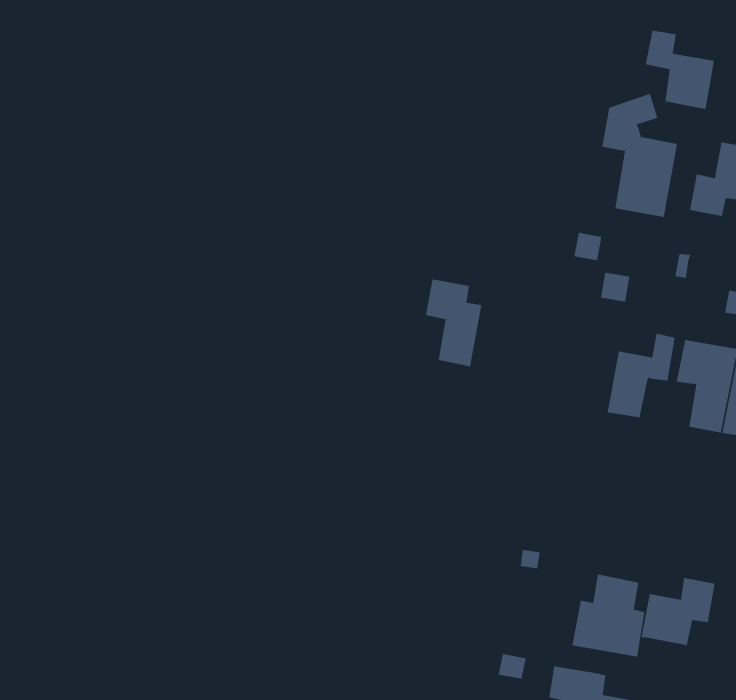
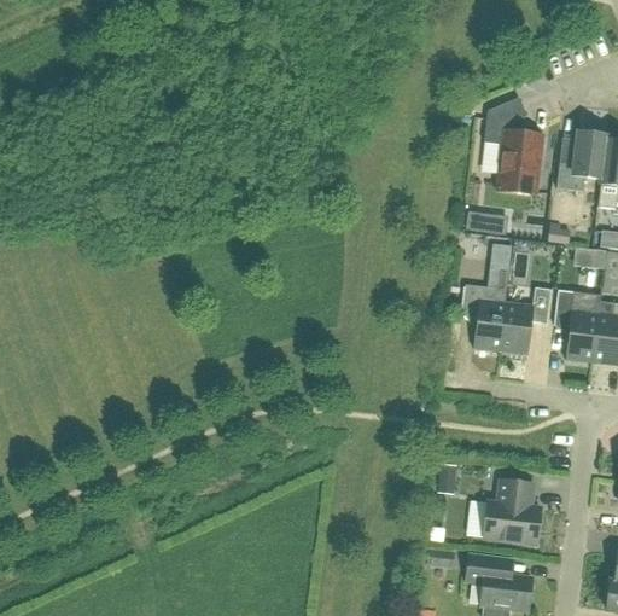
building: [645,30,714,110] -> none
building: [425,279,482,367] -> [462,284,507,351]
building: [641,577,715,646] -> none

